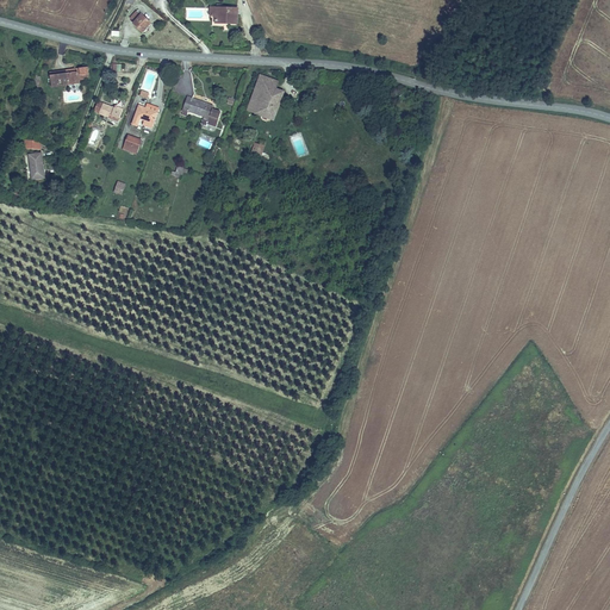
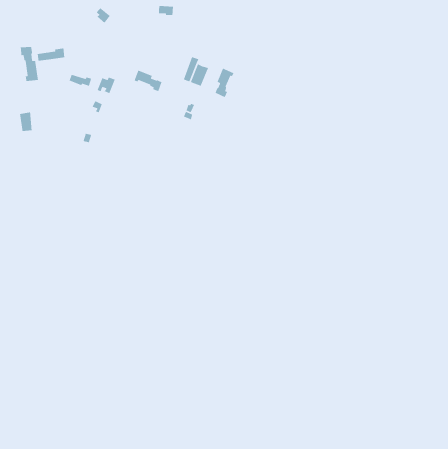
building: none -> [20,46,39,82]
building: none -> [214,68,234,98]

